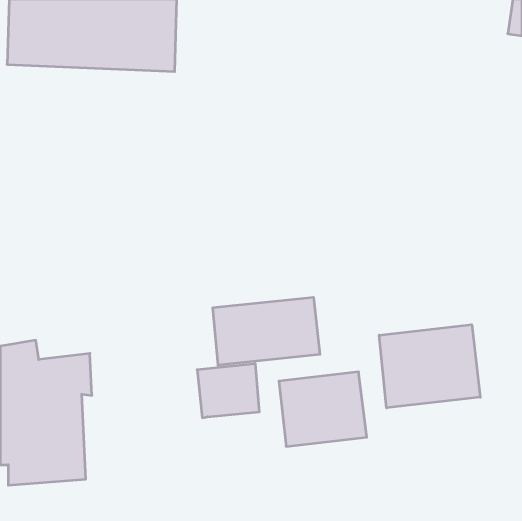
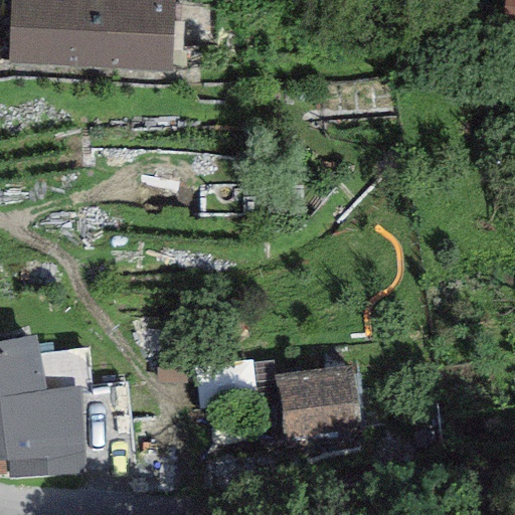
building: [213,297,320,365] -> none
building: [379,325,480,408] -> none

